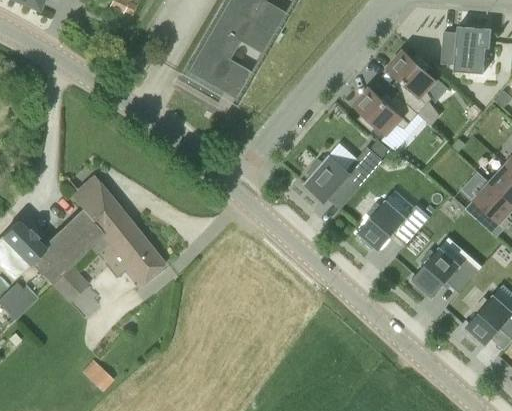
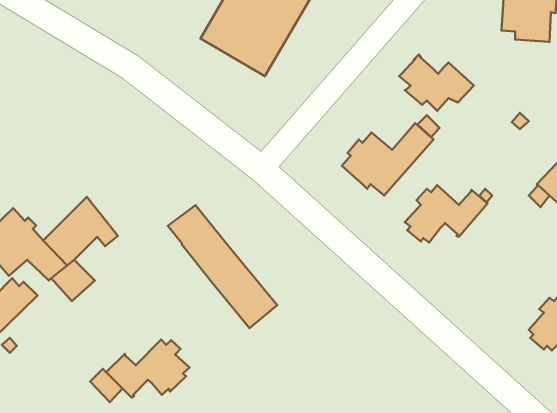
building: [387,50,437,113] -> none
building: [70,176,165,283] -> [168,205,277,328]
building: [413,247,480,297] -> none
building: none -> [106,340,190,398]

